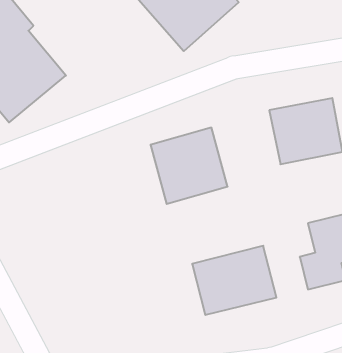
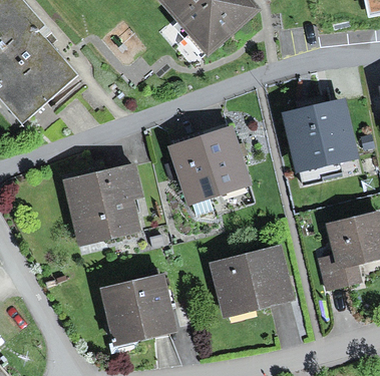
building: none -> [58,162,151,244]
building: none -> [101,275,177,345]

